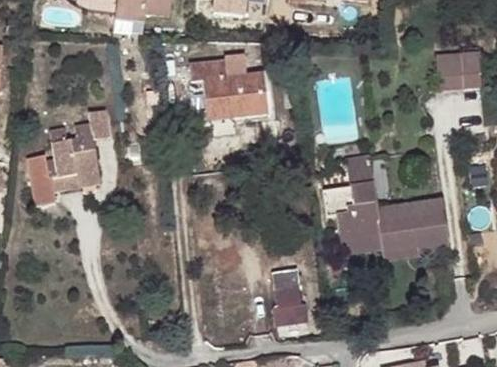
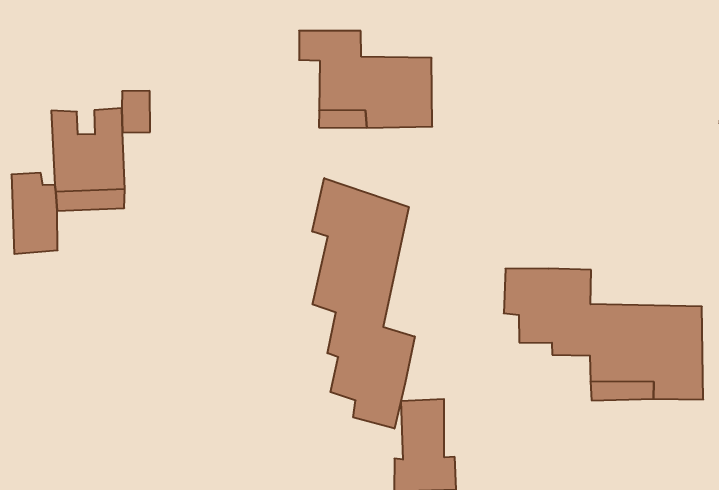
building: none -> [312,178,415,429]
building: [346,152,375,186] -> none
building: [338,229,382,254] -> none

